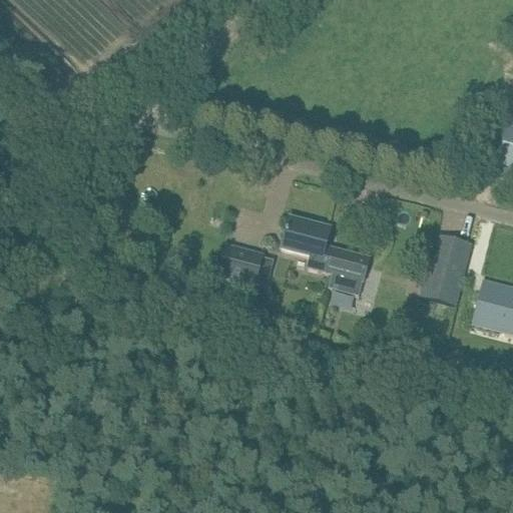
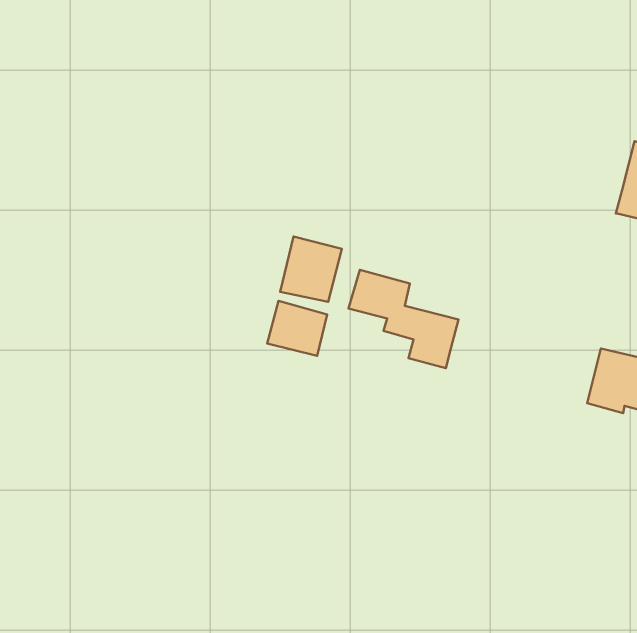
building: none -> [280,237,342,302]
building: [421,233,472,305] -> none

